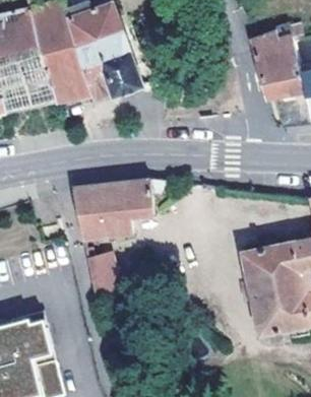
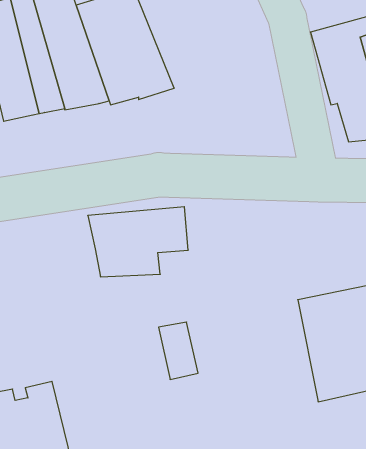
building: [87,249,119,294] -> [159,322,198,379]

